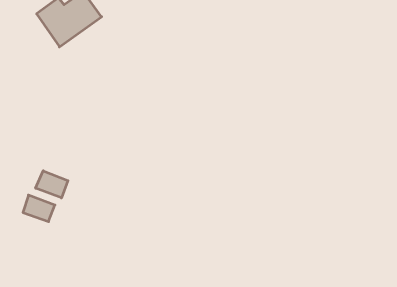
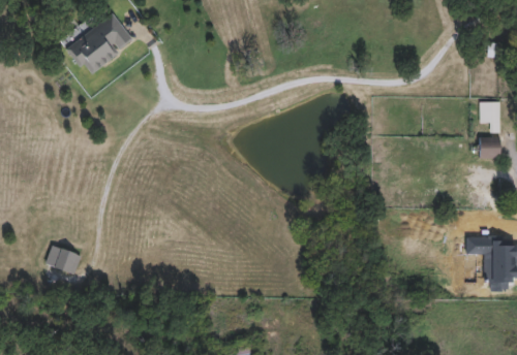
building: [36,171,68,198] -> none

